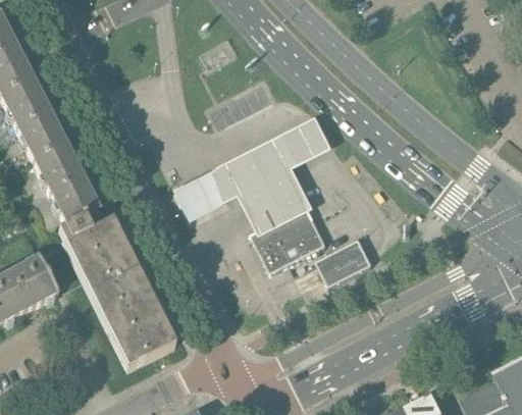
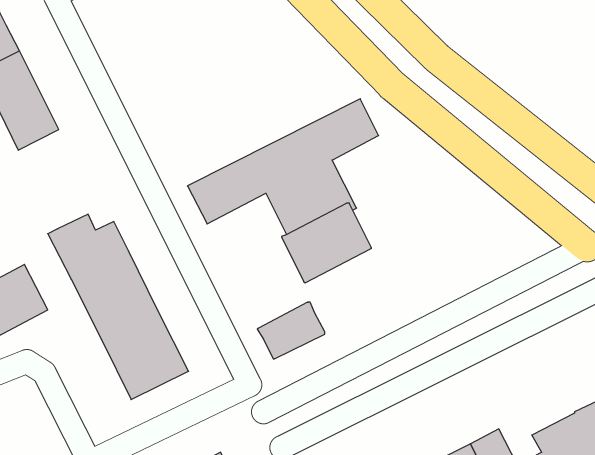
building: [33,142,99,224] -> none
building: [316,236,372,282] -> [257,302,325,359]

